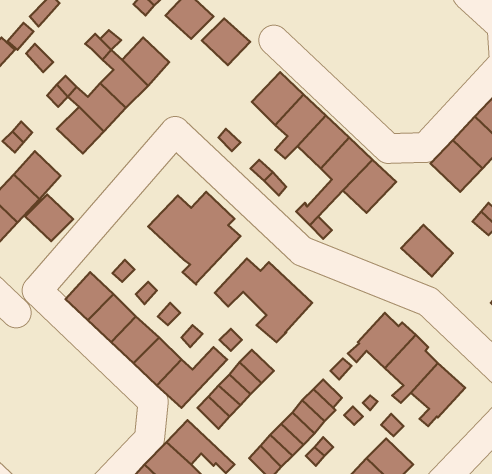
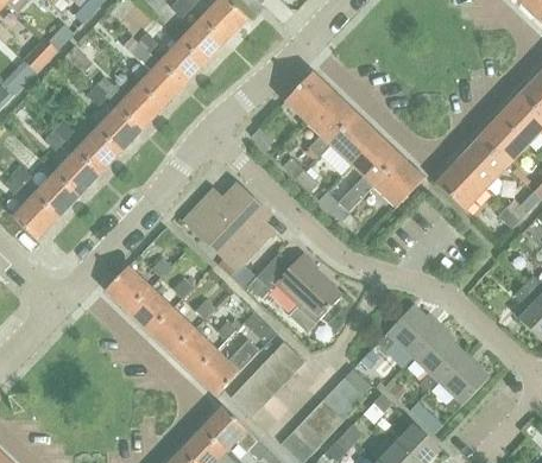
building: [202,18,250,65] -> [179,18,226,63]
building: [25,194,73,241] -> [75,127,121,172]
building: [401,225,453,277] -> [435,160,485,210]

